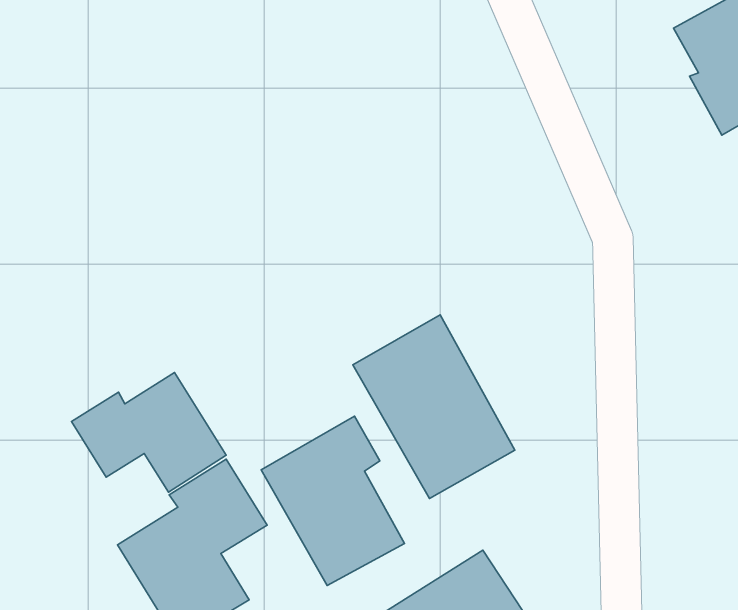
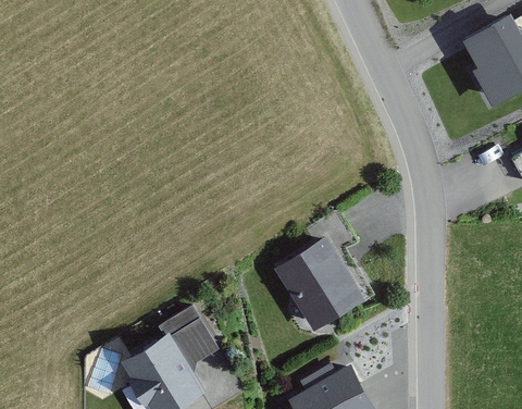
building: [71,373,226,492] -> none
building: [261,416,404,585] -> none

